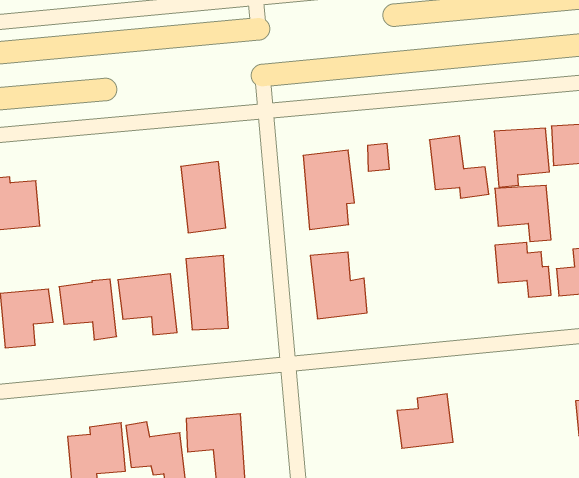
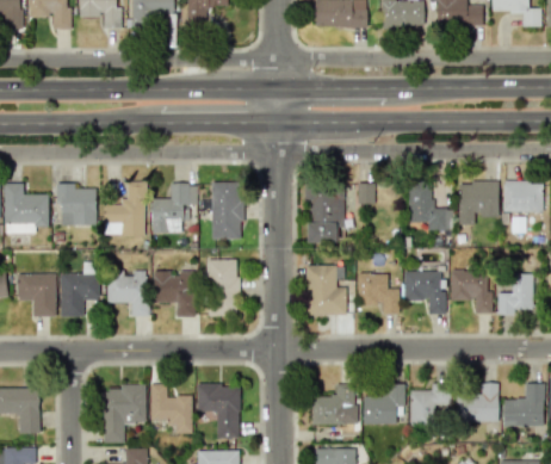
building: none -> [153,185,198,233]
building: none -> [105,182,146,236]
building: [495,185,551,242] -> [404,271,445,315]
building: none -> [358,274,400,315]
building: none -> [457,383,500,422]
building: none -> [410,383,452,425]
building: none -> [315,385,358,426]

